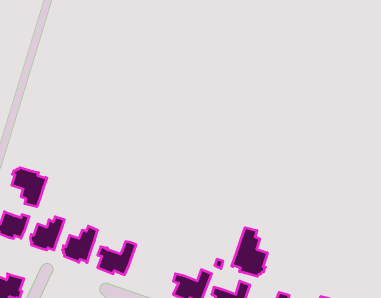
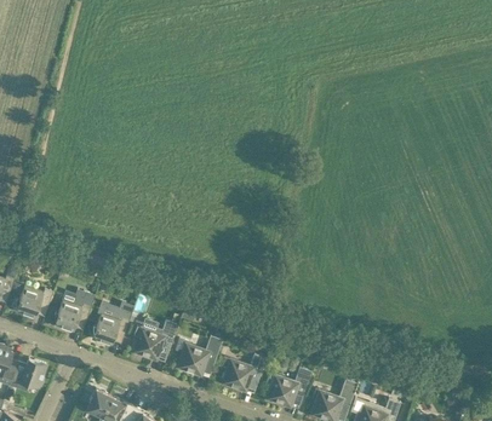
building: [12,168,47,207] -> none
building: [232,228,267,276] -> none
building: none -> [175,335,223,374]

